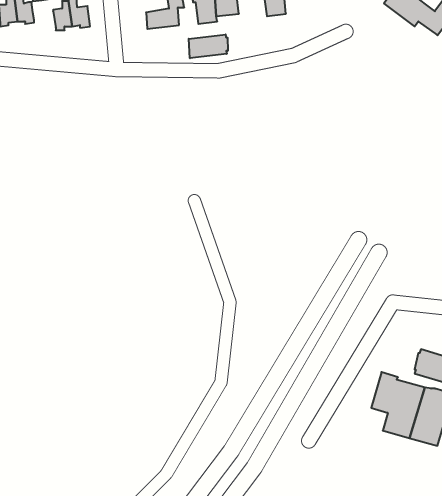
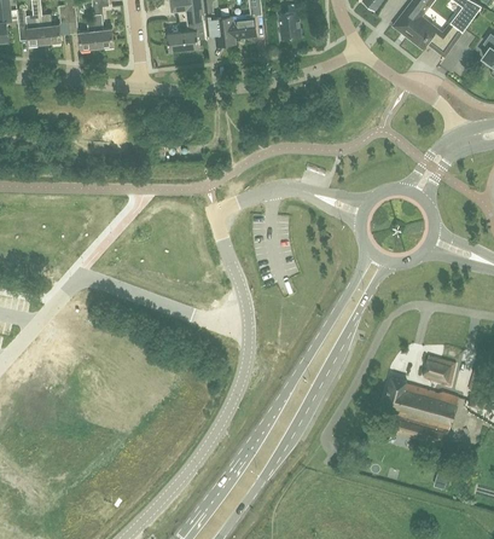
building: [189,34,228,58] -> none

